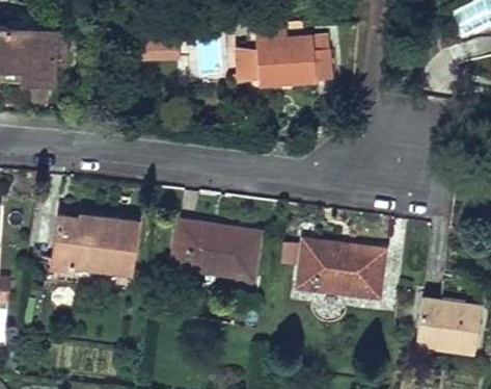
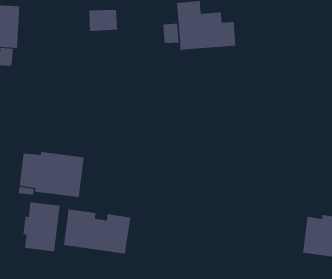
building: [172,222,260,280] -> [63,209,131,254]
building: [297,240,384,297] -> none
building: none -> [23,202,60,252]

